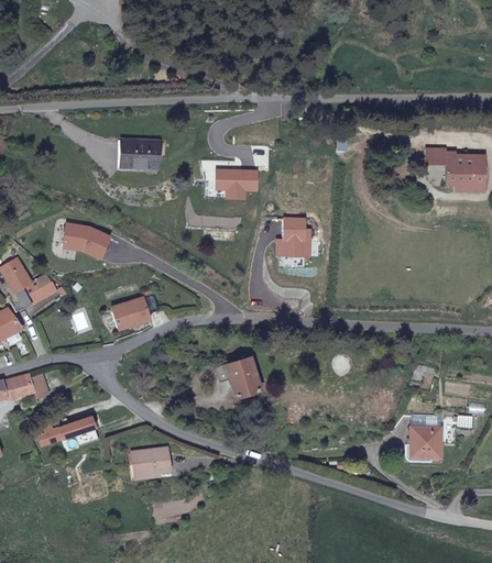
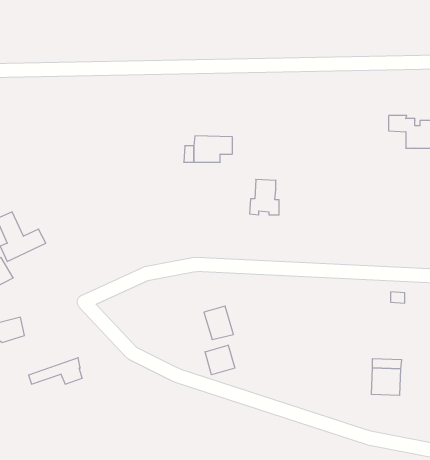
building: [120,137,162,167] -> none
building: [64,221,111,256] -> none
building: [111,292,160,329] -> none
building: none -> [205,345,235,375]
building: [129,448,167,474] -> none

